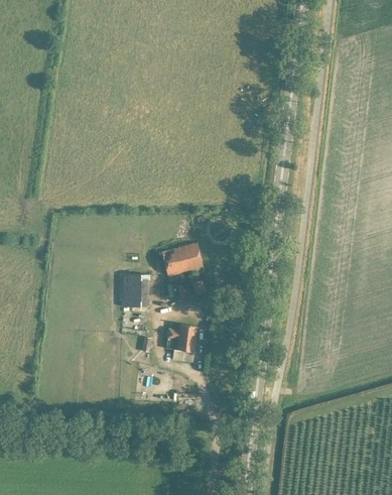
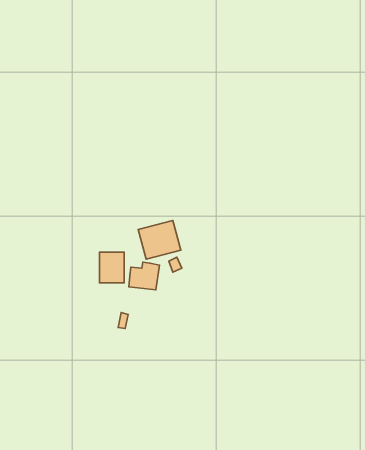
building: [165,324,197,352] -> [129,262,160,290]

